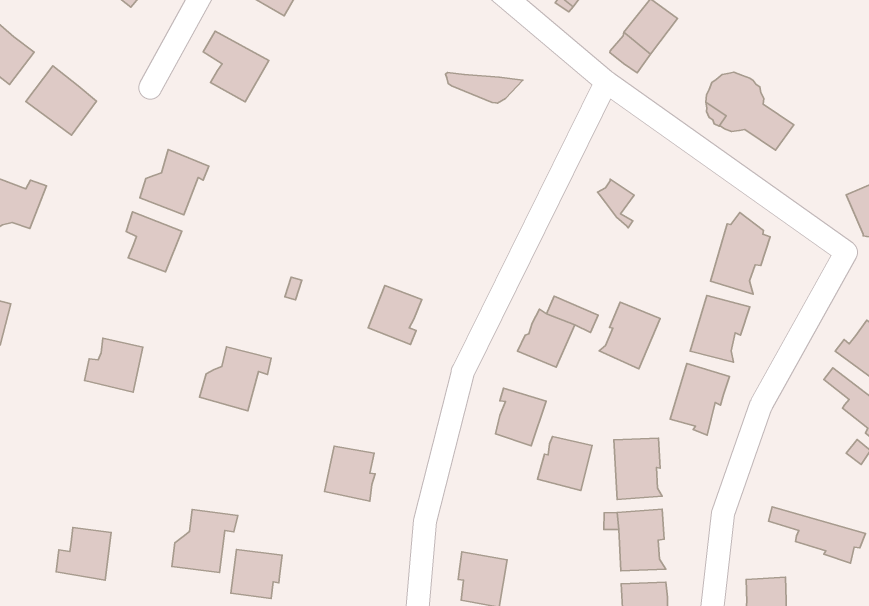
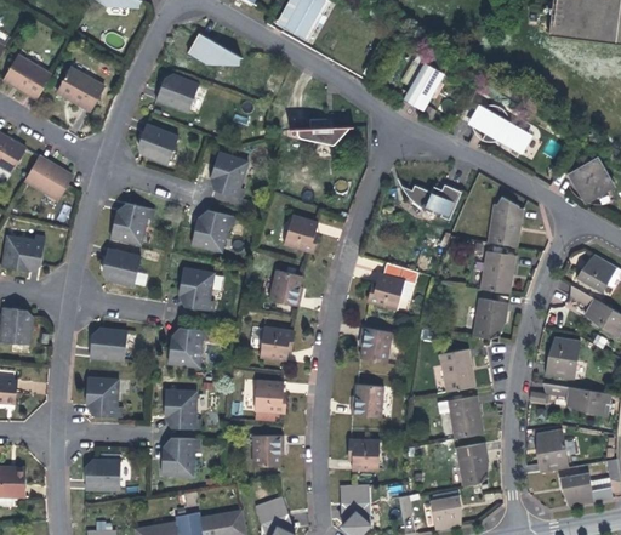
building: none -> [209,150,245,197]
building: none -> [187,205,233,249]
building: none -> [423,183,461,220]
building: none -> [281,212,317,251]
building: none -> [177,266,211,308]
building: [599,302,660,369] -> none
building: none -> [260,329,291,360]
building: none -> [87,379,124,420]
building: none -> [163,383,199,422]
building: [538,437,592,490] -> [351,386,383,419]
building: none -> [545,336,580,379]
building: [231,549,282,598] -> [252,437,283,466]

